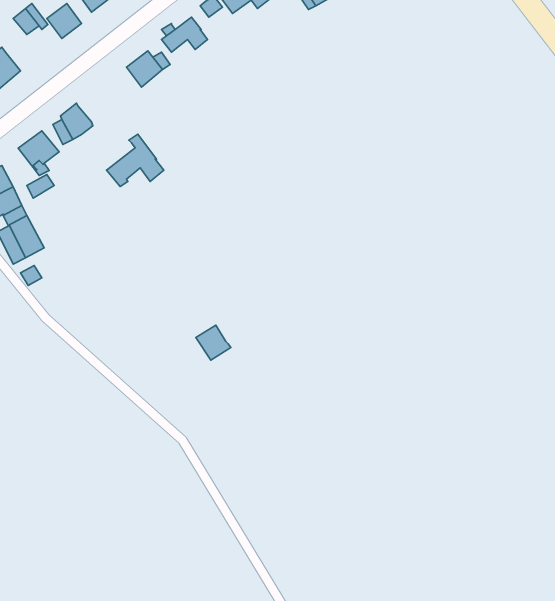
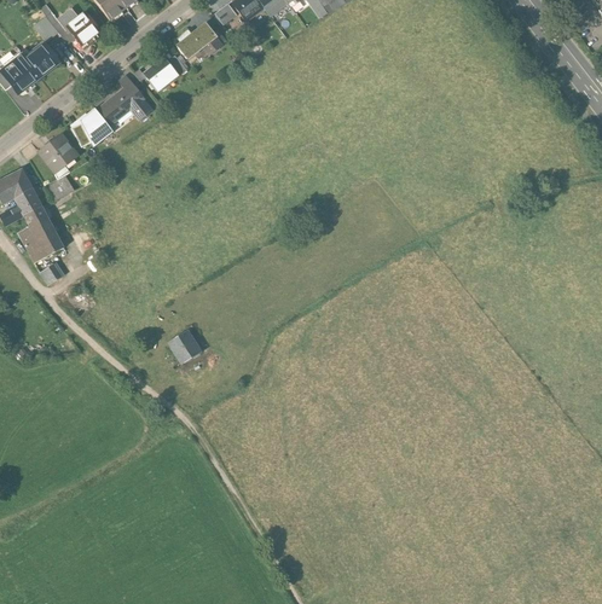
building: none -> [27,42,59,75]
building: [107,134,164,186] -> [97,74,152,124]
building: [196,325,231,360] -> [168,329,202,362]

